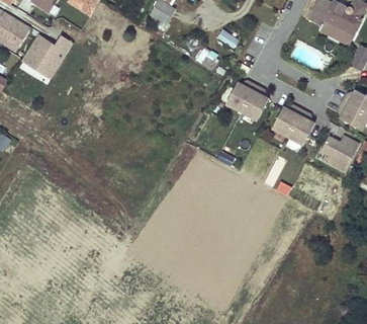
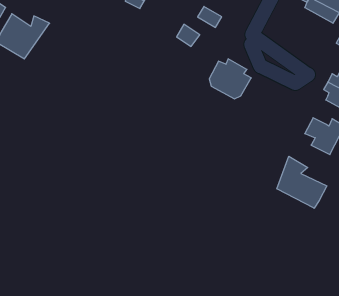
building: [273,104,314,142] -> none
building: none -> [277,156,327,208]

